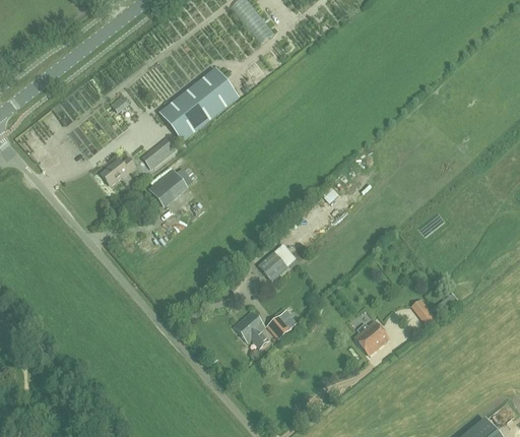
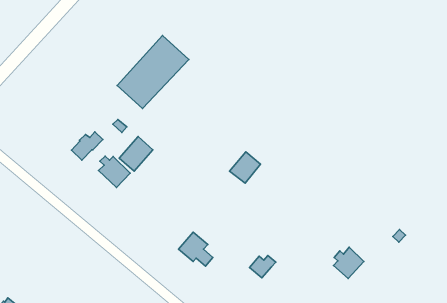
building: none -> [99,156,130,187]
building: [257,248,290,280] -> [230,152,261,183]
building: [234,311,268,349] -> [178,232,213,266]

